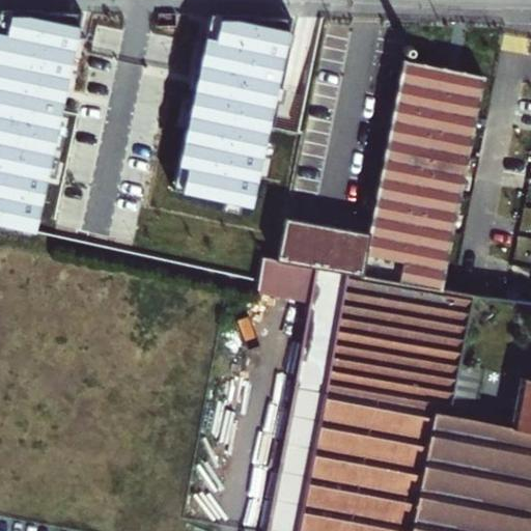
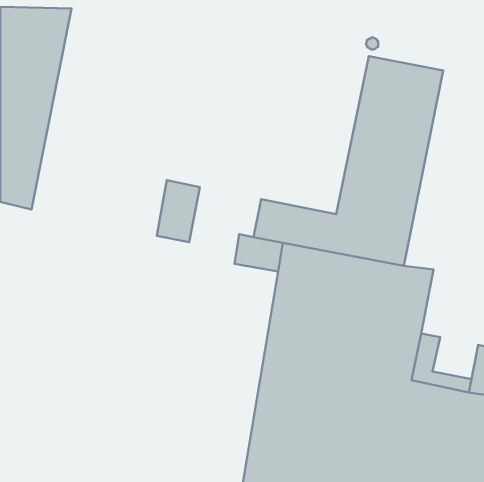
building: [176,19,291,211] -> none
building: none -> [157,180,200,242]

